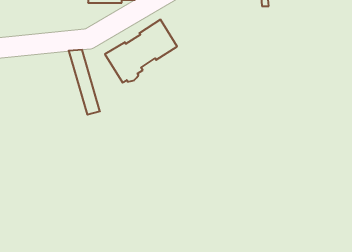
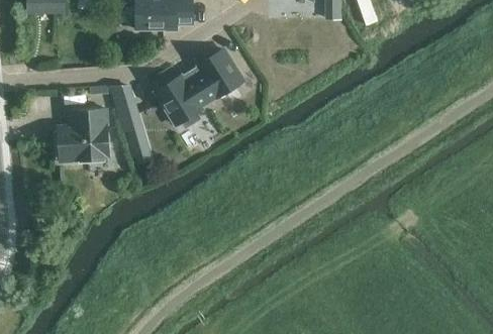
building: none -> [57,109,109,162]

